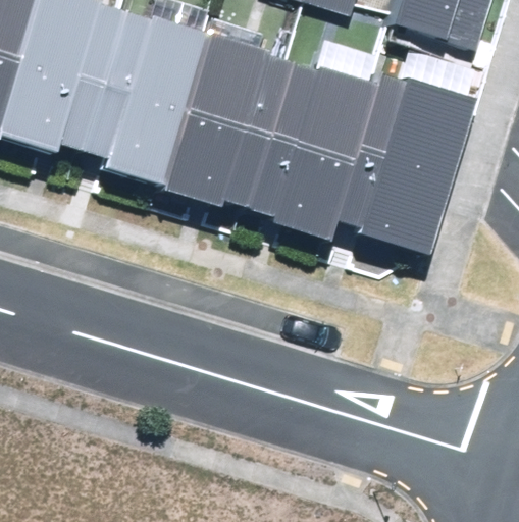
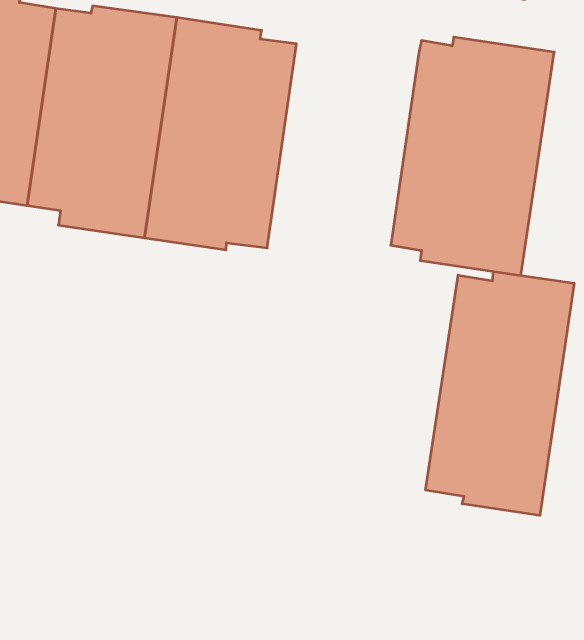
building: [251,63,380,240] -> none
building: none -> [426,272,574,515]

